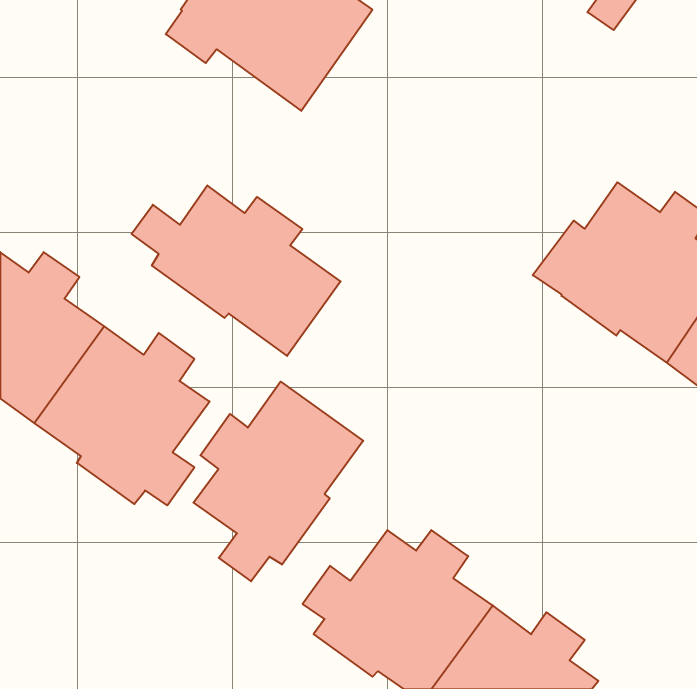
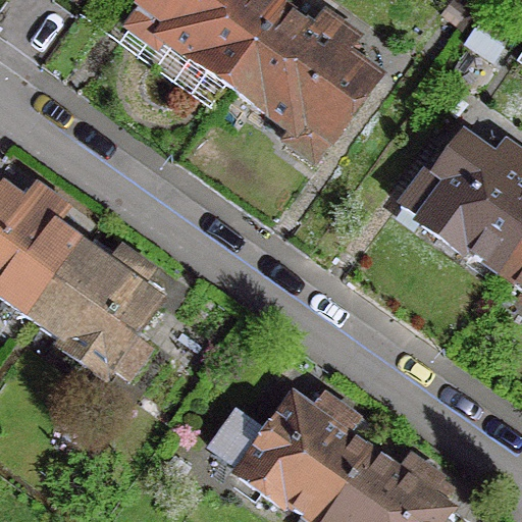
building: none -> [226,7,374,160]
building: [132,185,341,356] -> none
building: [193,382,363,581] -> none

